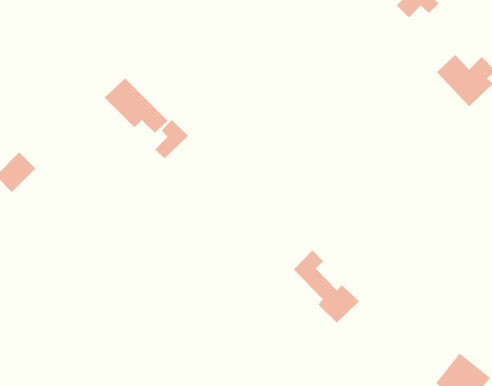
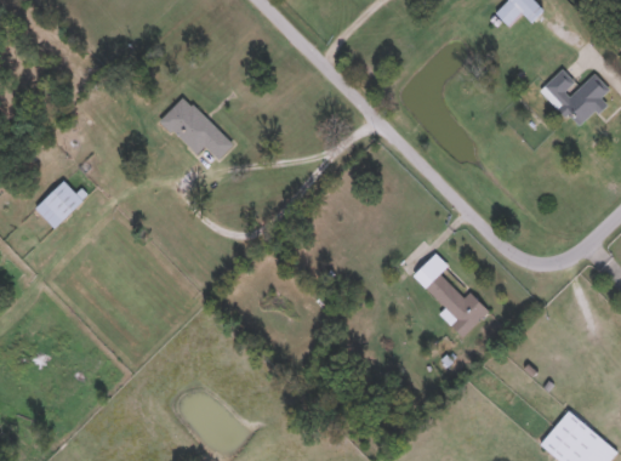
building: [154,119,189,159] -> none
building: [293,249,360,323] -> [414,251,490,336]

